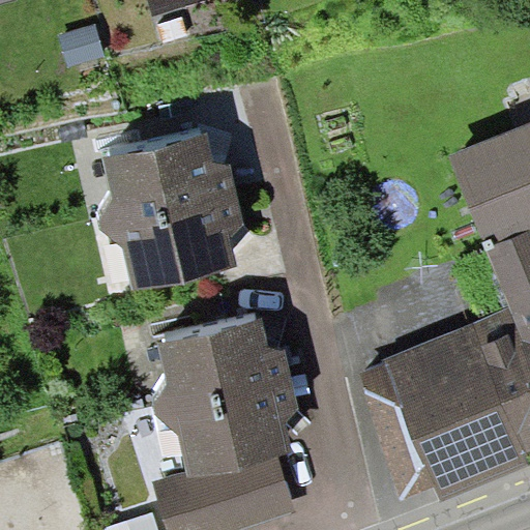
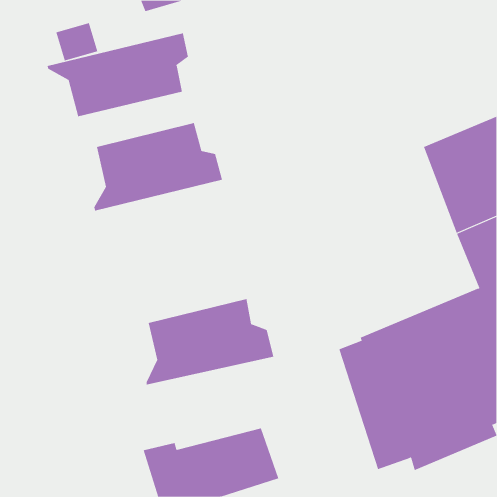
building: none -> [47,32,189,117]
building: [100,192,244,289] -> none
building: [155,380,299,478] -> none

